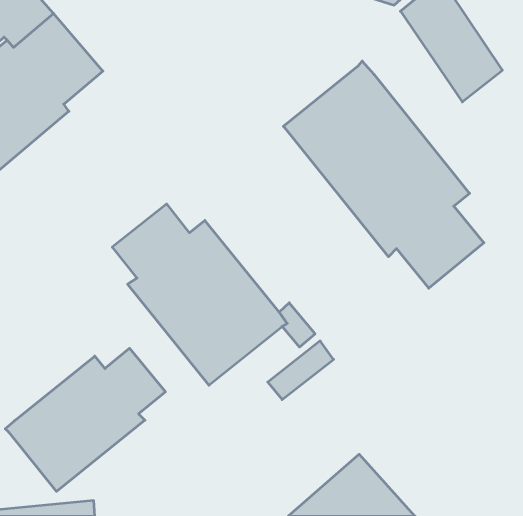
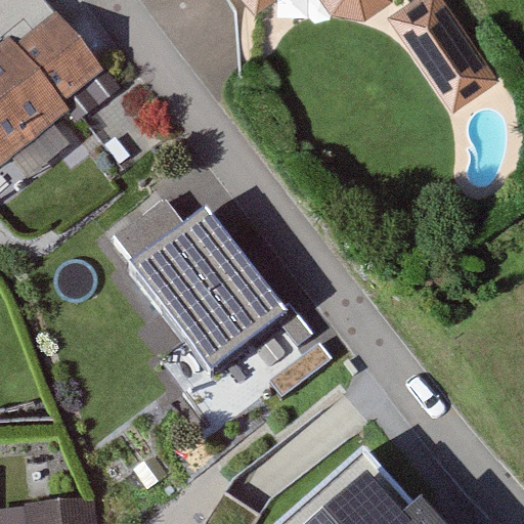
building: [283,61,484,288] -> none
building: [5,348,165,491] -> none

